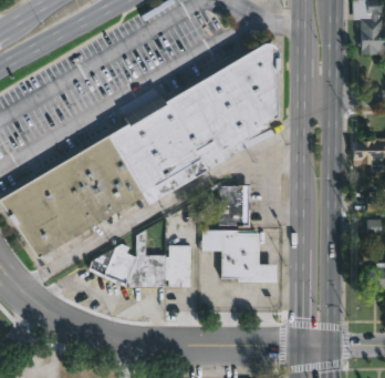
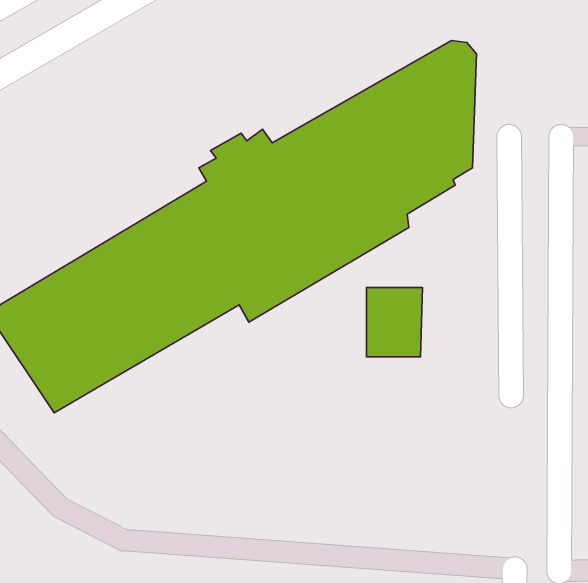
building: [199,228,277,283] -> none
building: [89,231,191,287] -> none

